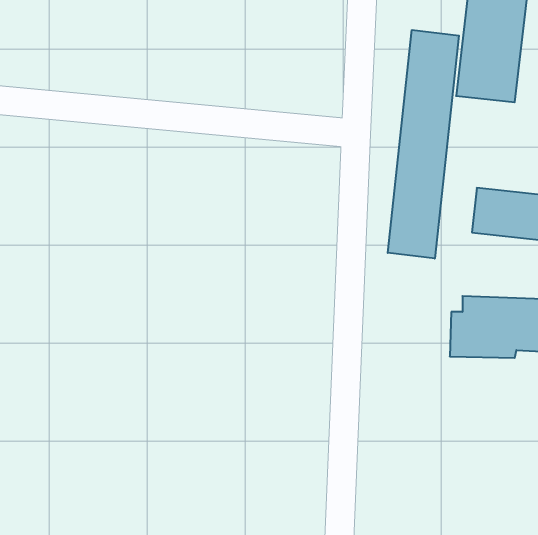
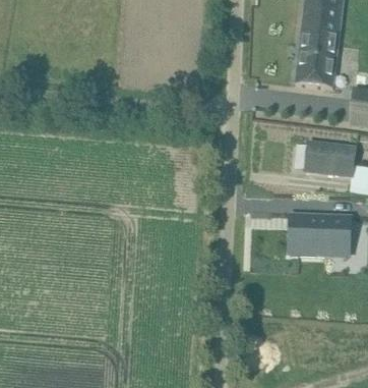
building: [388,30,459,259] -> none

